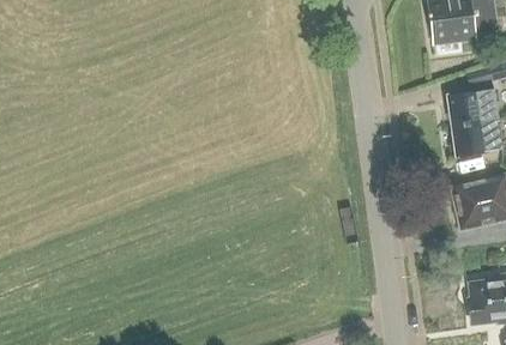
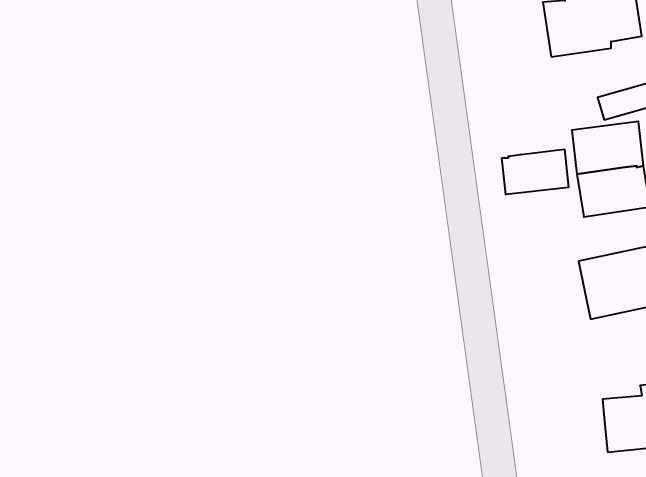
building: none -> [502,149,569,195]

